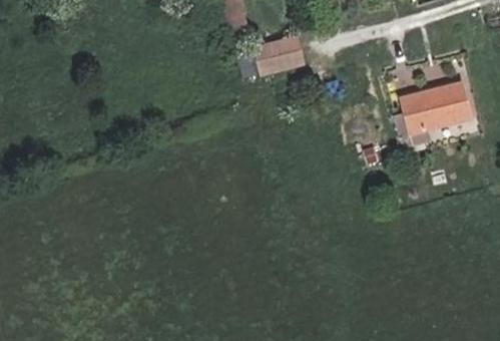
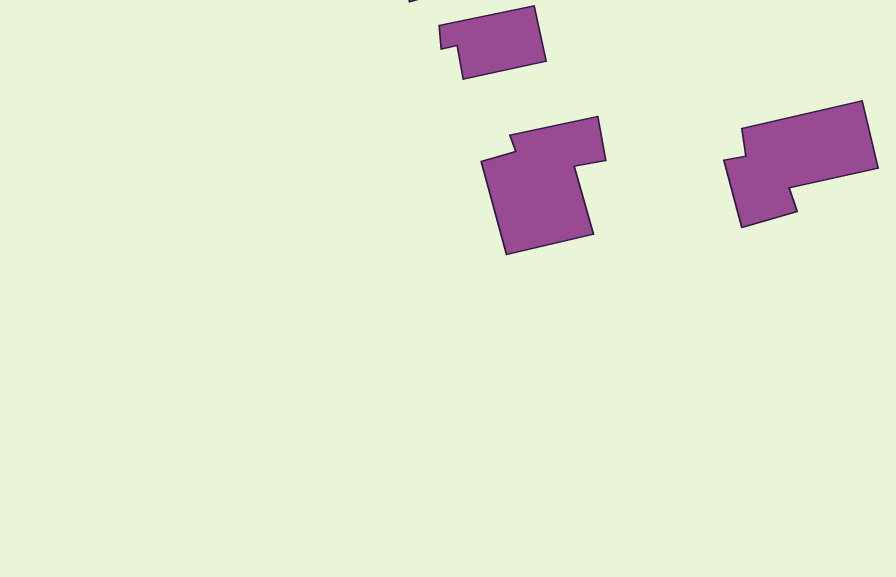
building: none -> [481,116,606,254]

